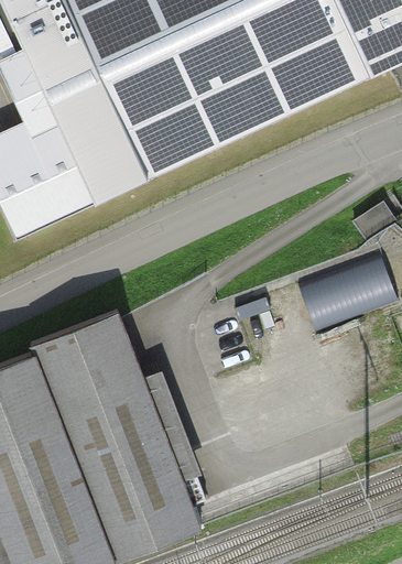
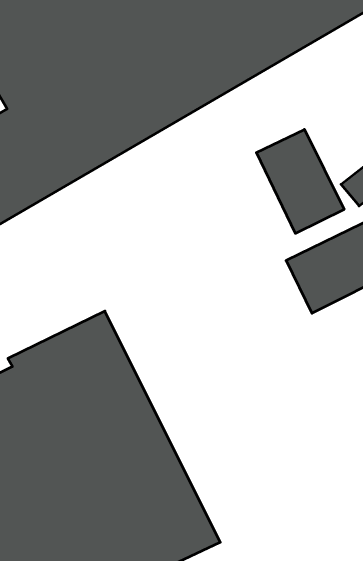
building: none -> [256,129,344,233]

